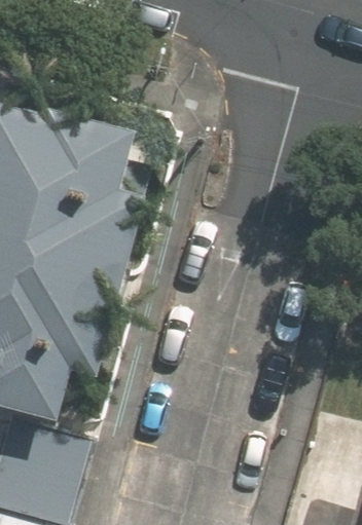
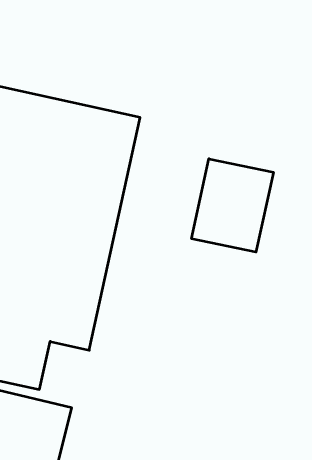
building: none -> [192,159,273,252]

